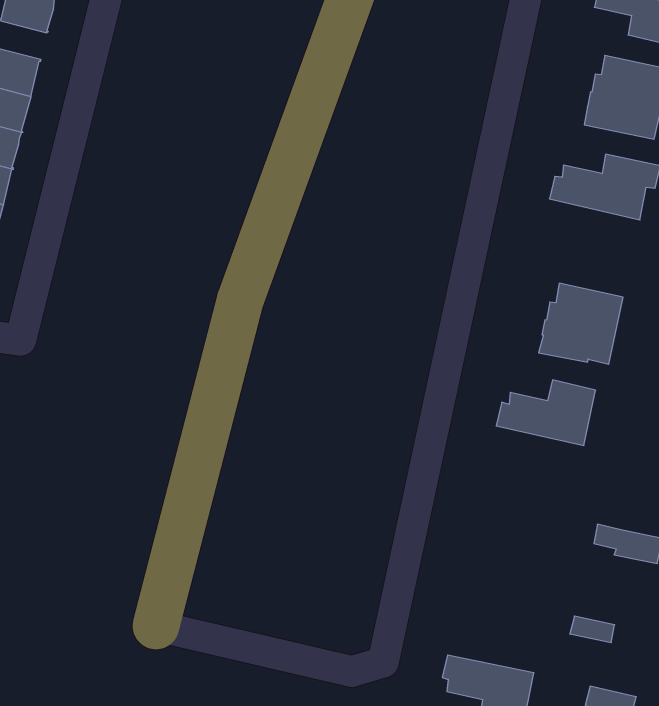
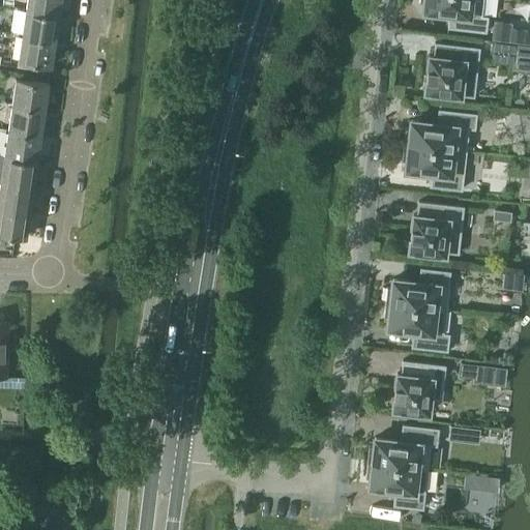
building: none -> [404,146,469,193]
building: none -> [383,304,449,353]
building: none -> [393,362,446,415]
building: none -> [367,426,439,470]

